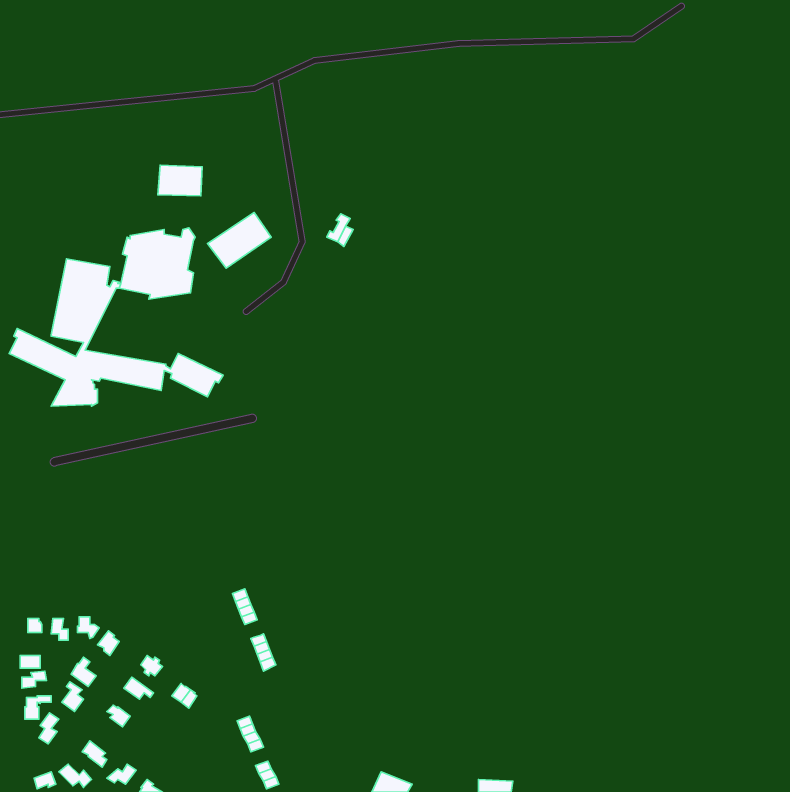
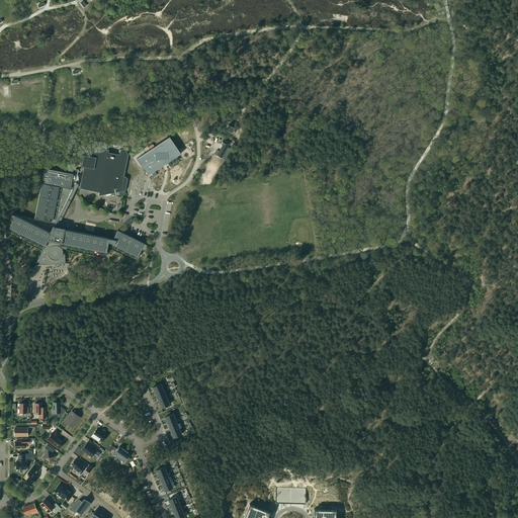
building: [158,165,202,196] -> none
building: none -> [274,489,305,505]

